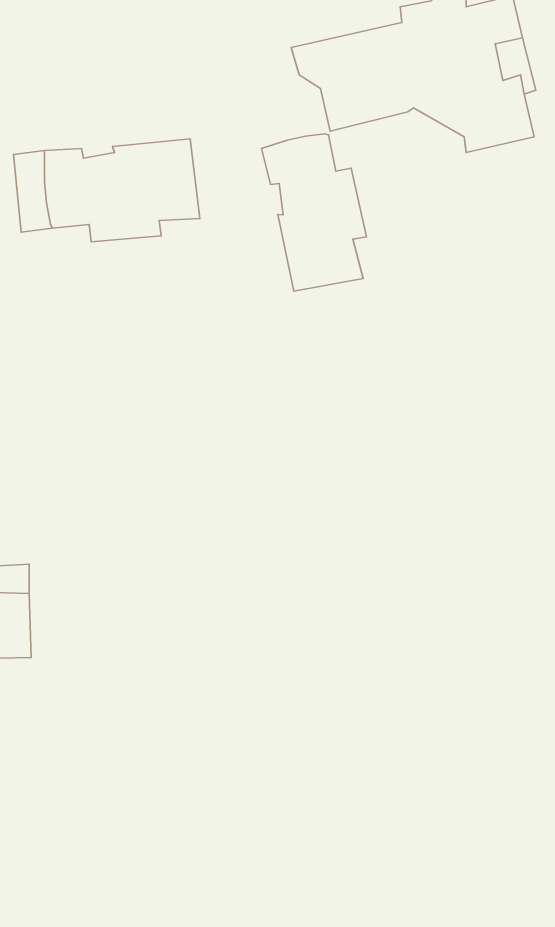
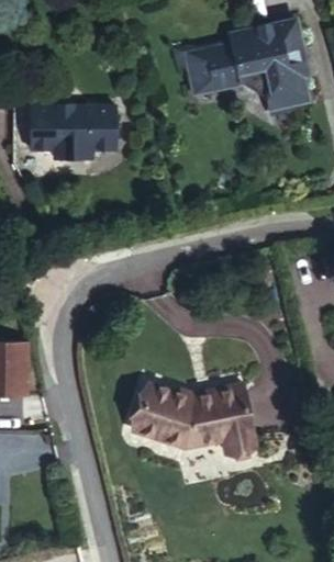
building: [261,134,366,291] -> none
building: none -> [134,374,261,450]

